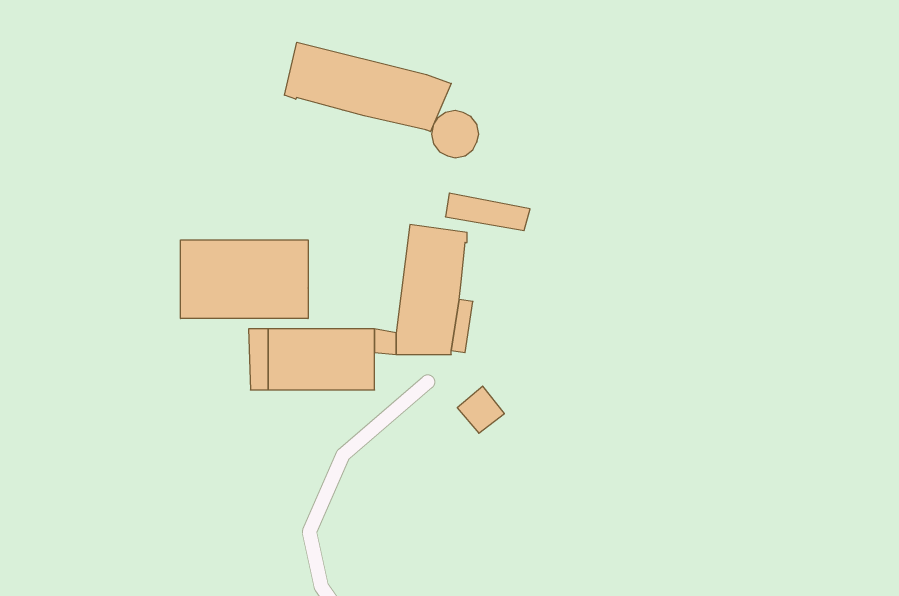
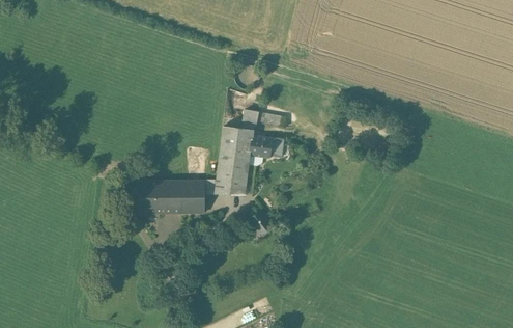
building: [284,42,451,132] -> none
building: [181,240,308,319] -> none
building: none -> [251,135,285,158]

